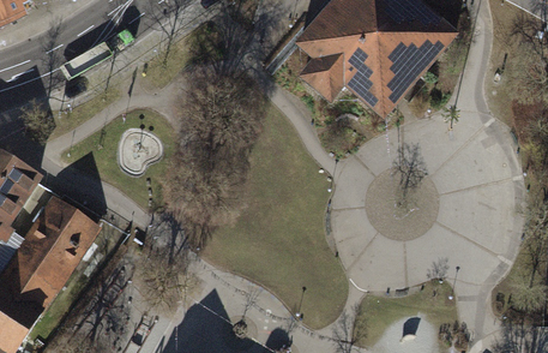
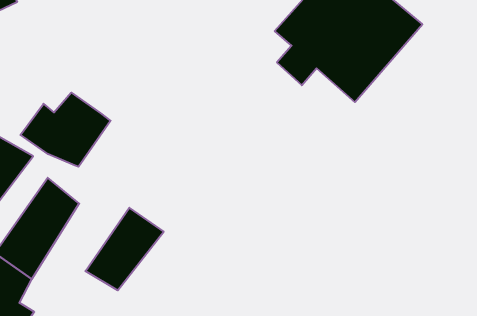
building: none -> [20,93,111,167]
building: none -> [85,208,164,290]

